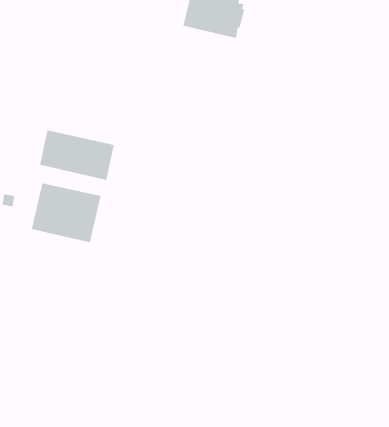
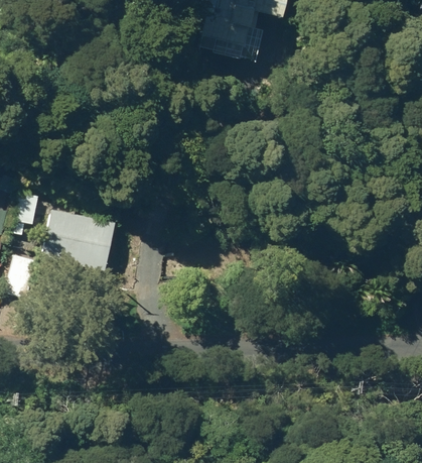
building: [39,129,115,181] -> none

